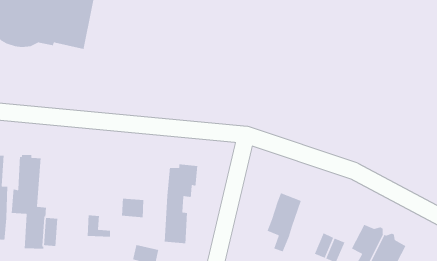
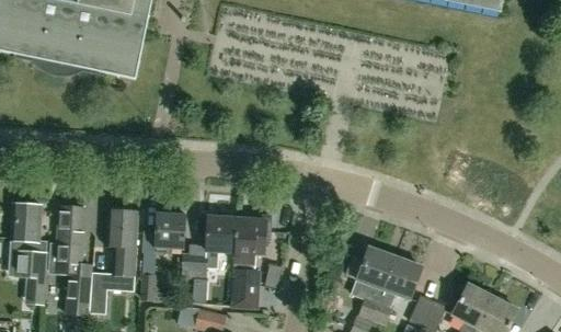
building: none -> [106,208,141,277]
building: none -> [153,211,185,249]
building: none -> [205,216,237,252]
building: none -> [371,257,421,324]

